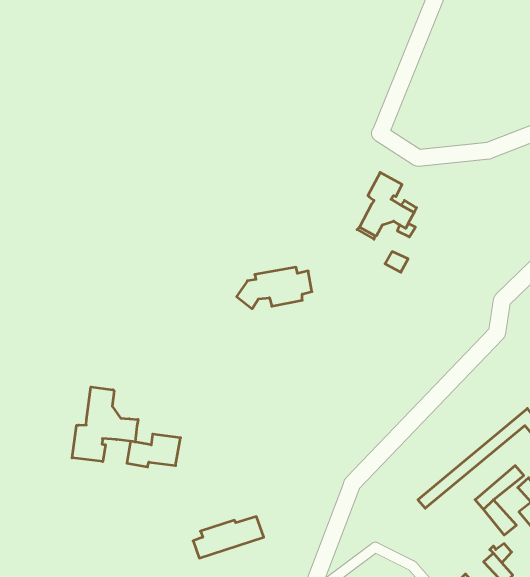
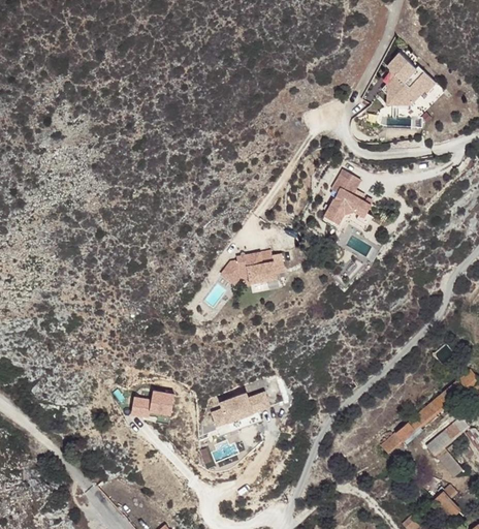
building: none -> [383,53,437,105]
building: [72,387,138,462] -> none
building: [193,517,264,558] -> [211,392,270,427]

